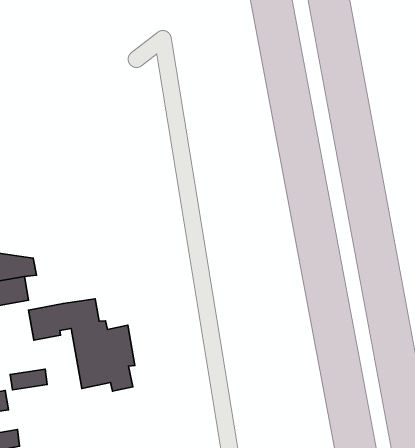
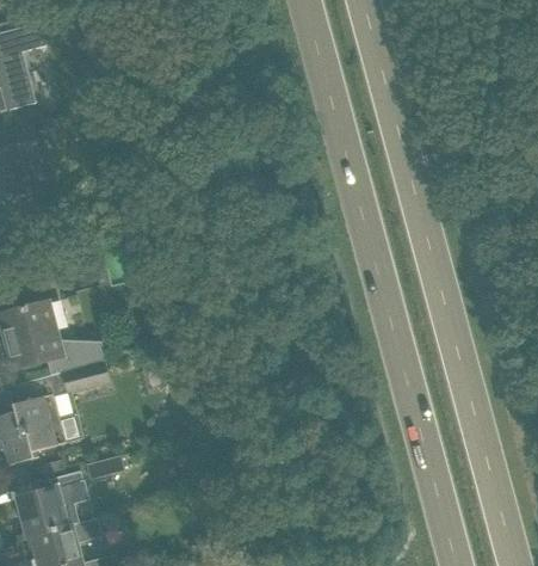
building: [29,299,135,391] -> none

